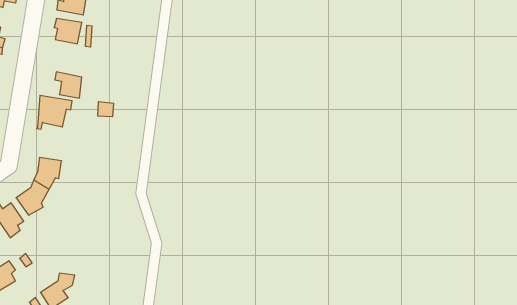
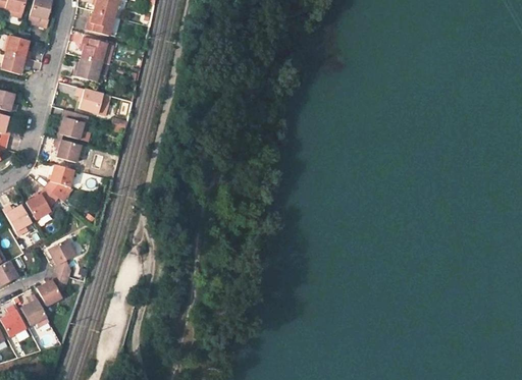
building: none -> [70,56,99,82]
building: none -> [52,138,85,163]
building: none -> [55,245,80,278]

